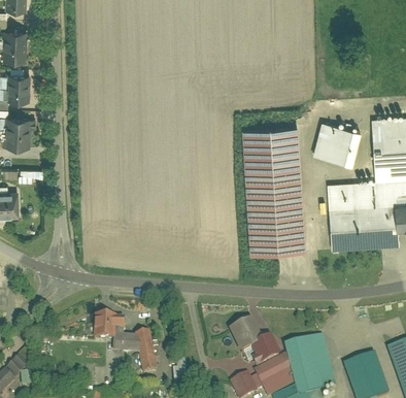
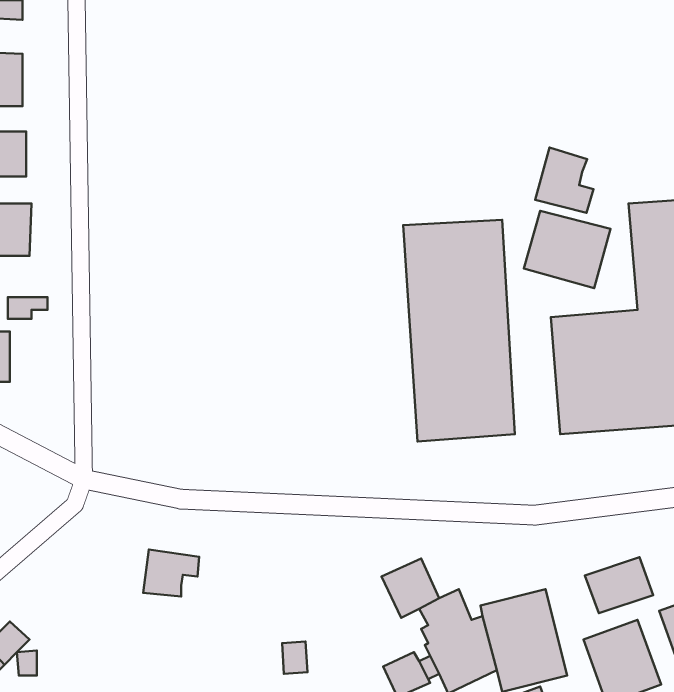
building: none -> [535,148,594,213]
building: none -> [585,557,653,613]
building: [113,333,158,373] -> none

